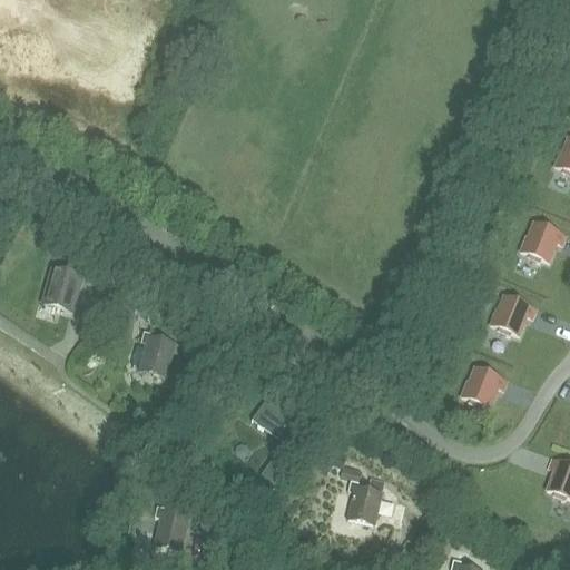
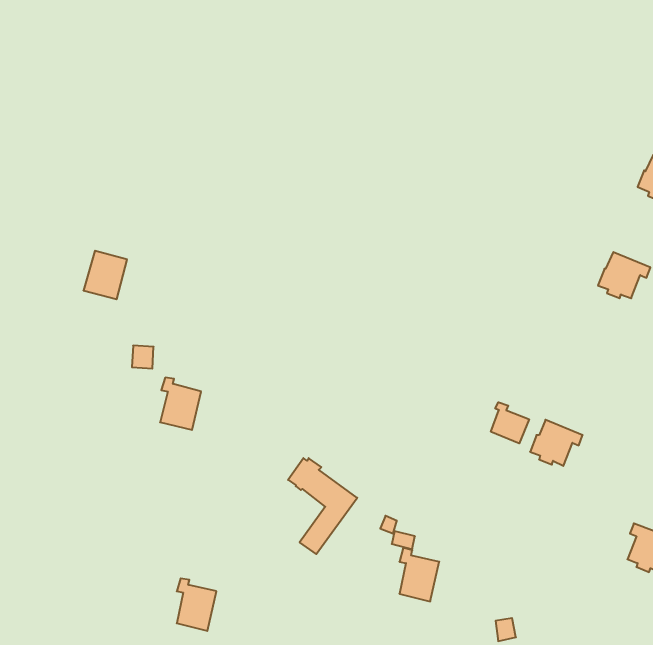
building: [43,265,81,307] -> [83,251,127,299]
building: [491,293,537,333] -> none
building: none -> [491,402,529,443]

